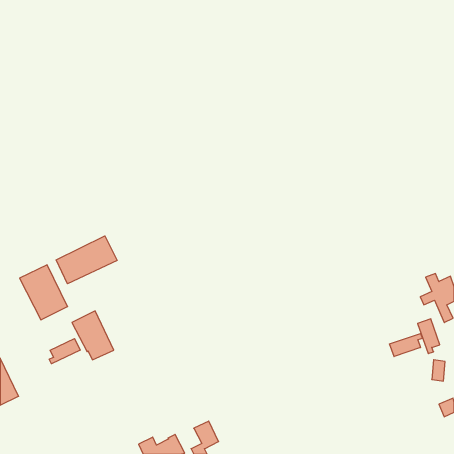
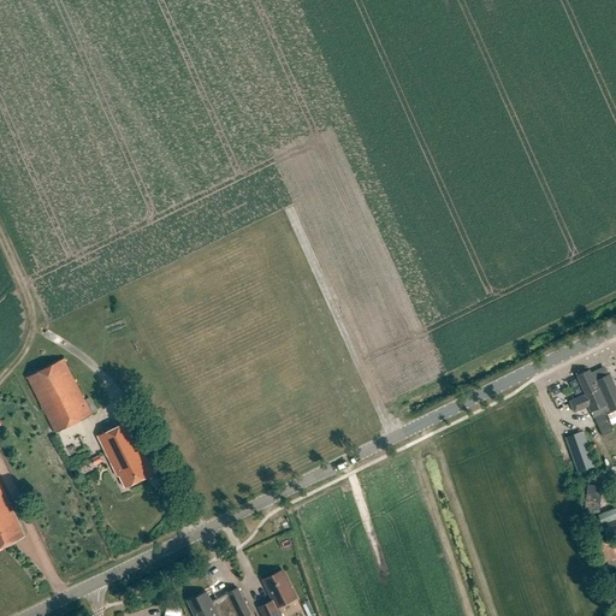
building: [56,236,117,284] -> none
building: [390,333,422,357] -> none
building: [49,339,80,364] -> none

